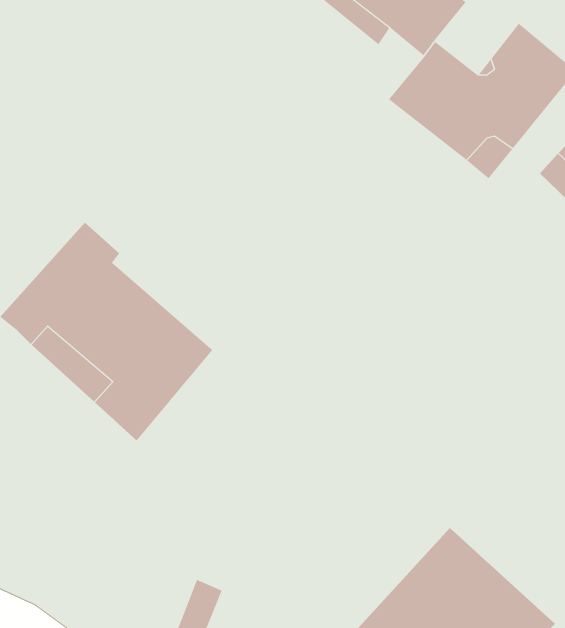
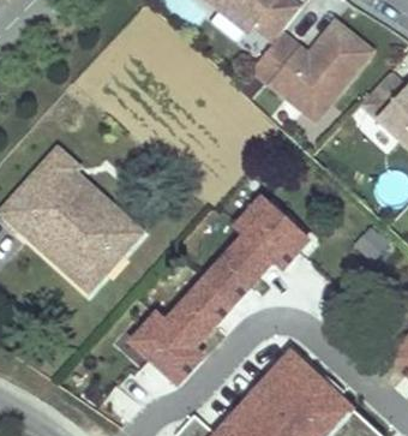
building: none -> [130,191,312,383]

